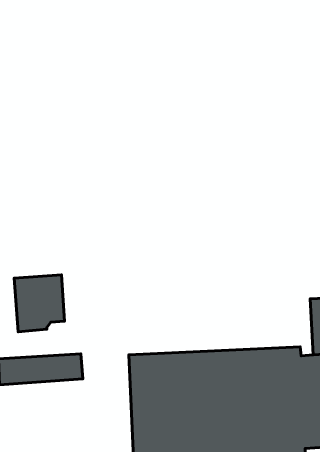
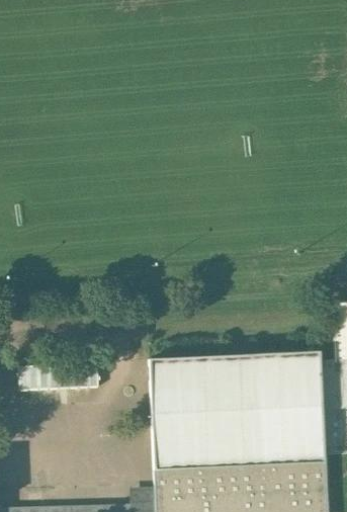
building: [14,275,65,332] -> none

